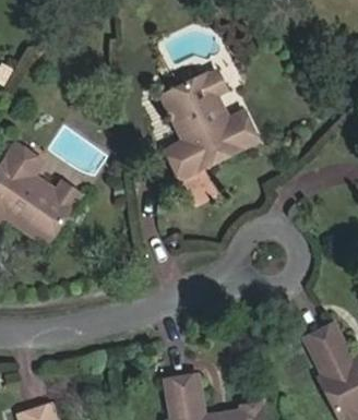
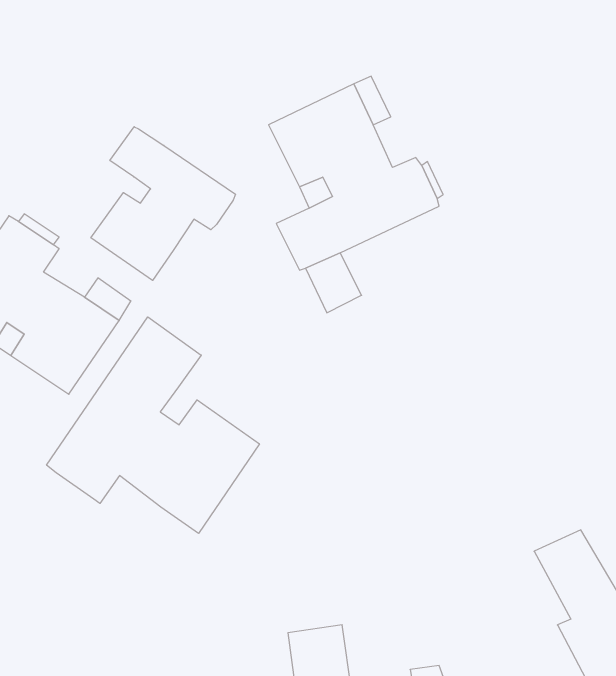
building: none -> [91,127,236,280]
building: none -> [47,317,259,533]

